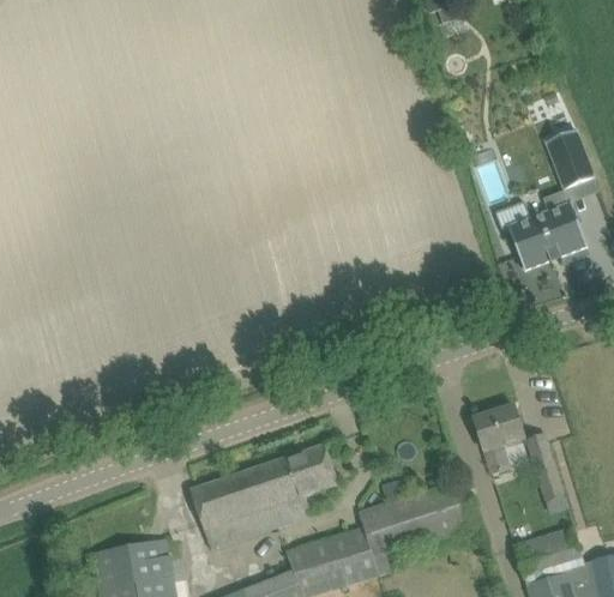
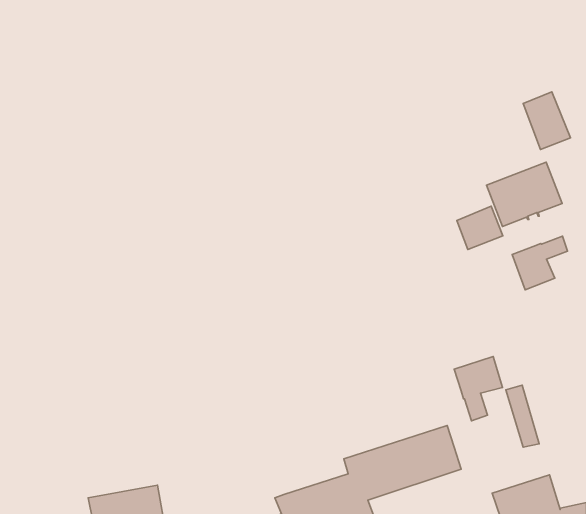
building: none -> [457,206,503,249]
building: none -> [512,236,568,290]
building: [189,444,337,549] -> none

